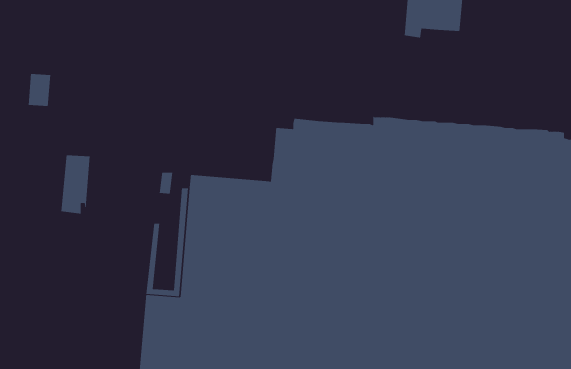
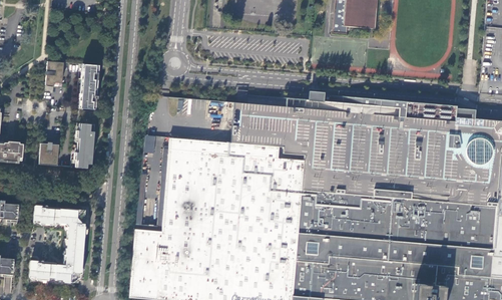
building: none -> [76,64,99,109]
building: none -> [39,143,59,166]
building: none -> [30,206,86,282]

